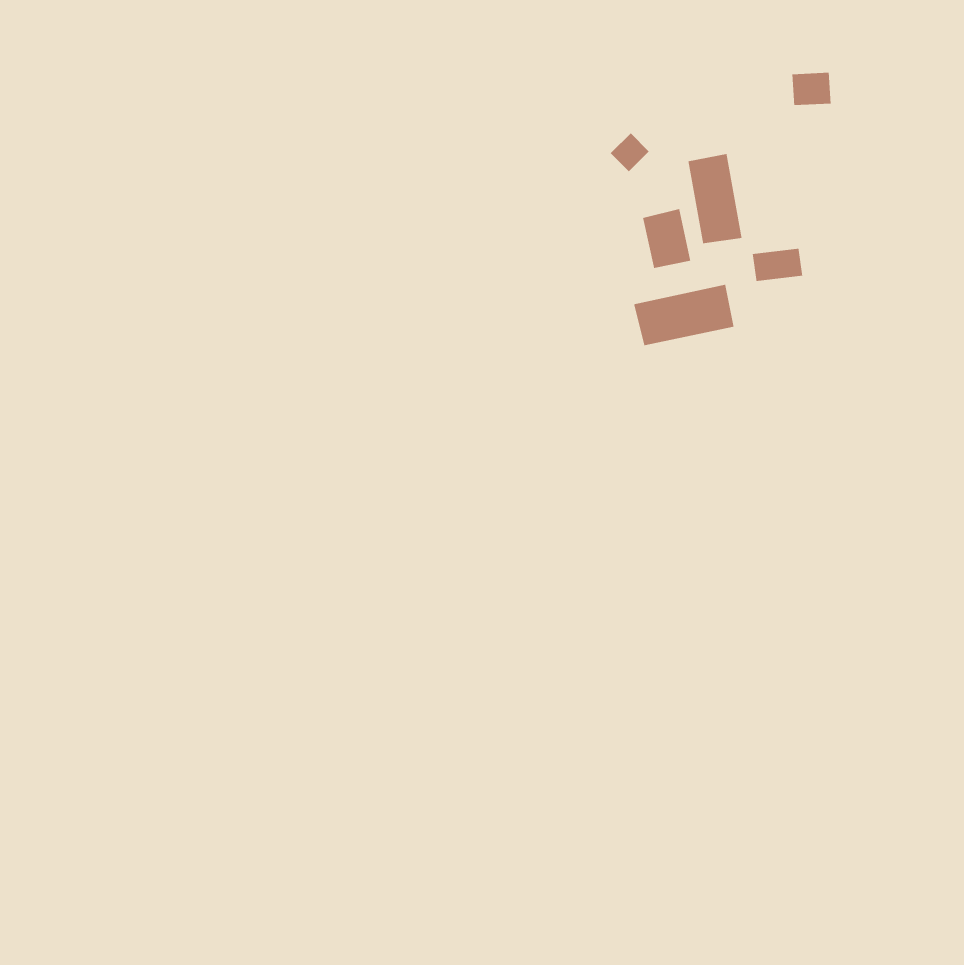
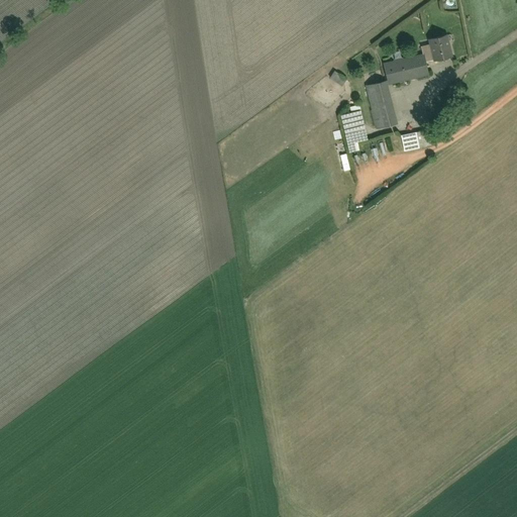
building: none -> [387,57,428,82]
building: [633,284,734,346] -> none

